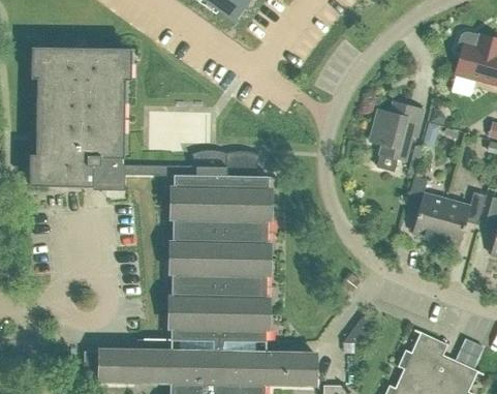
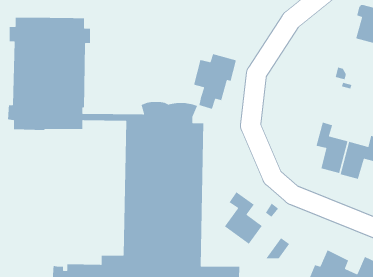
building: [370,101,424,171] -> [193,53,237,110]
building: none -> [224,191,263,246]

